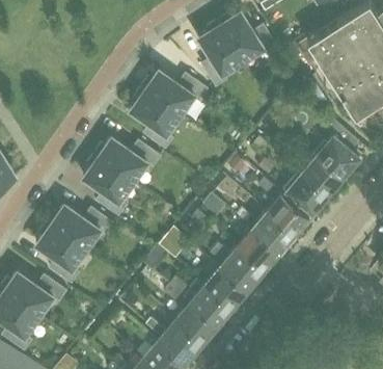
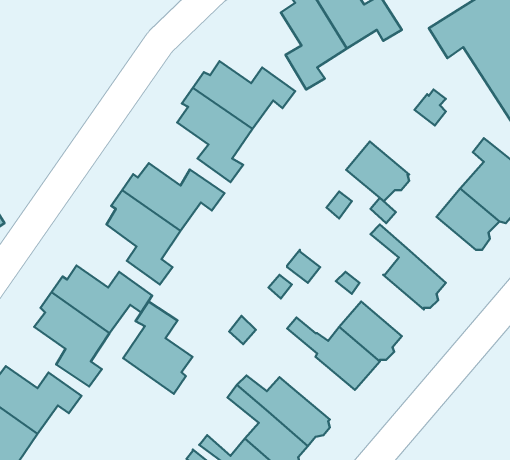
building: [285,174,327,213] -> [346,141,409,201]
building: [251,212,293,253] -> none
building: none -> [123,301,193,394]
building: [204,266,247,308] -> none

